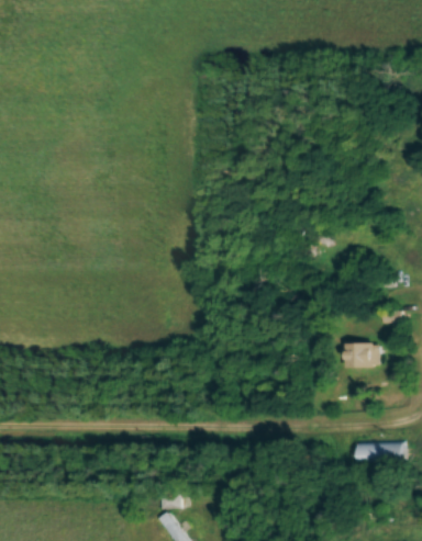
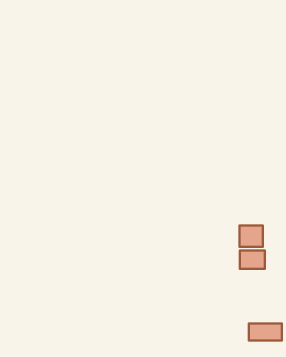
building: none -> [240,225,263,247]

